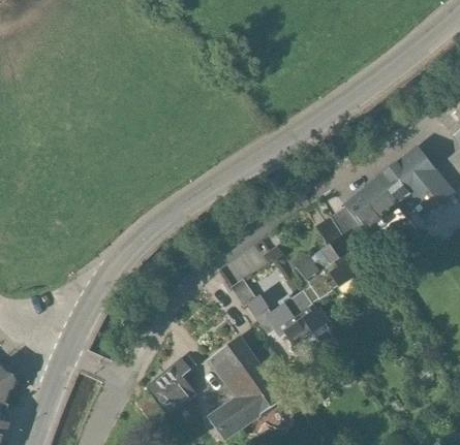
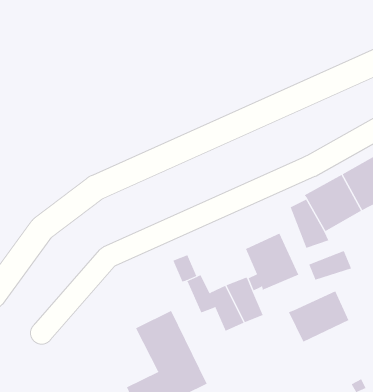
building: none -> [308,251,352,281]
building: none -> [288,290,349,342]
building: [148,361,201,412] -> none

